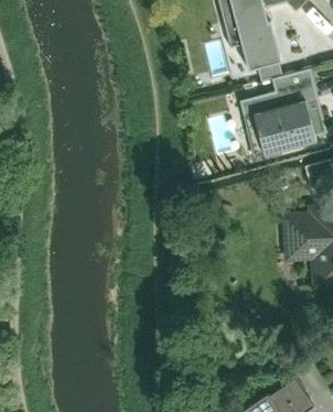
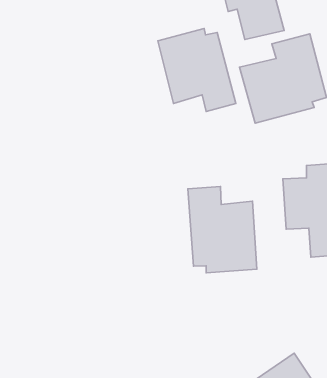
building: none -> [158,28,236,111]
building: none -> [188,187,257,273]

